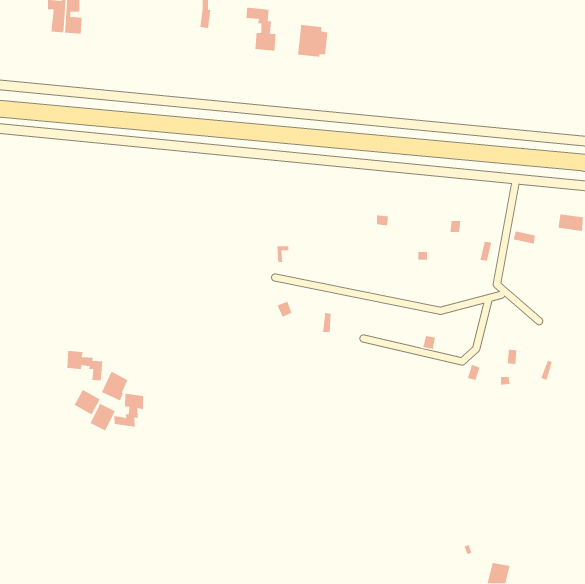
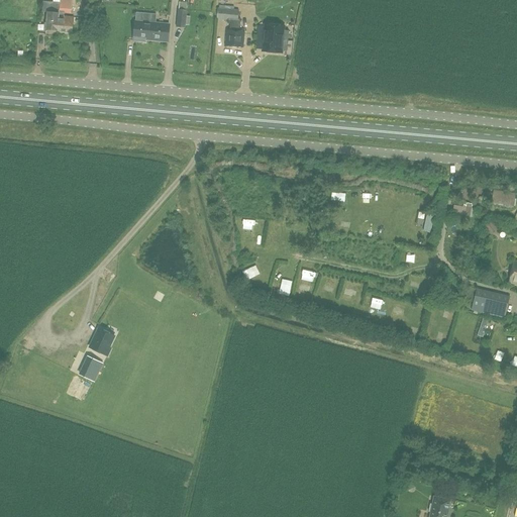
building: none -> [132,11,169,39]
building: none -> [459,285,509,316]
building: [66,350,103,381] -> none
building: [114,393,144,428] -> none

